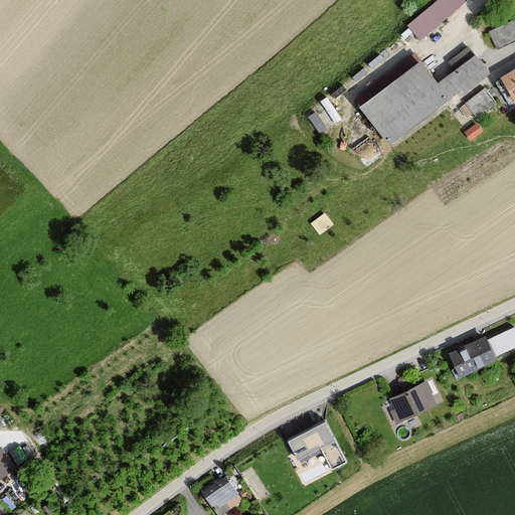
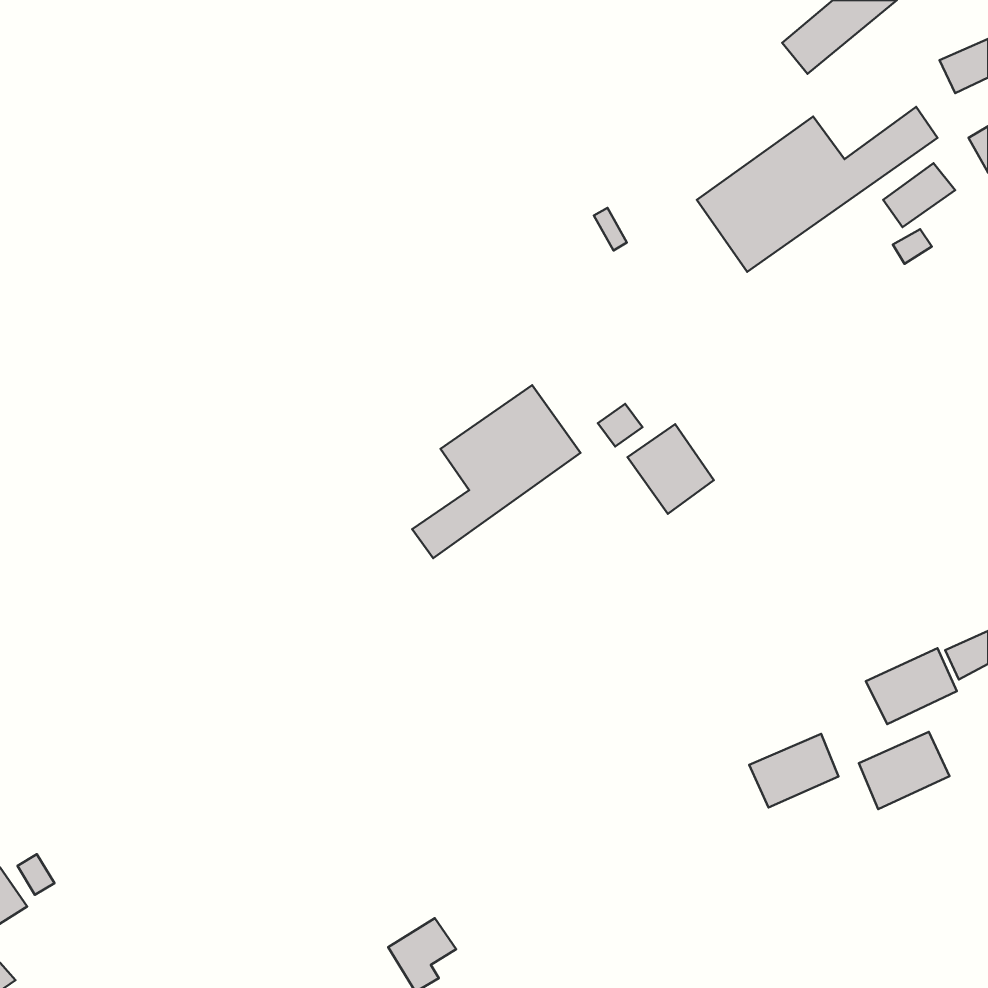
building: none -> [412,385,581,558]
building: none -> [627,424,714,514]
building: none -> [859,732,949,809]
building: [289,424,346,470] -> none

